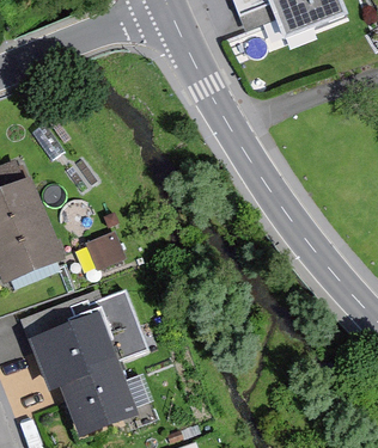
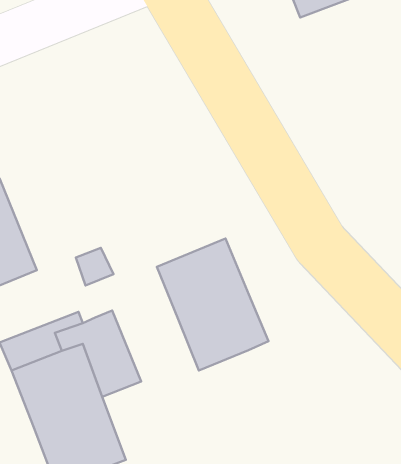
building: none -> [157,239,269,370]

